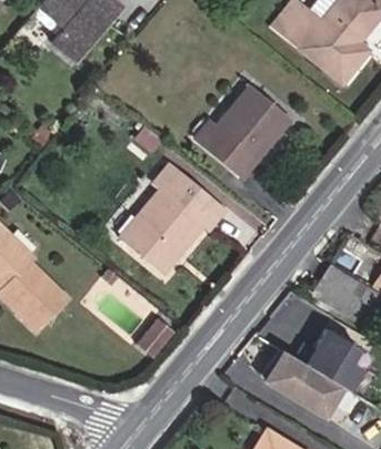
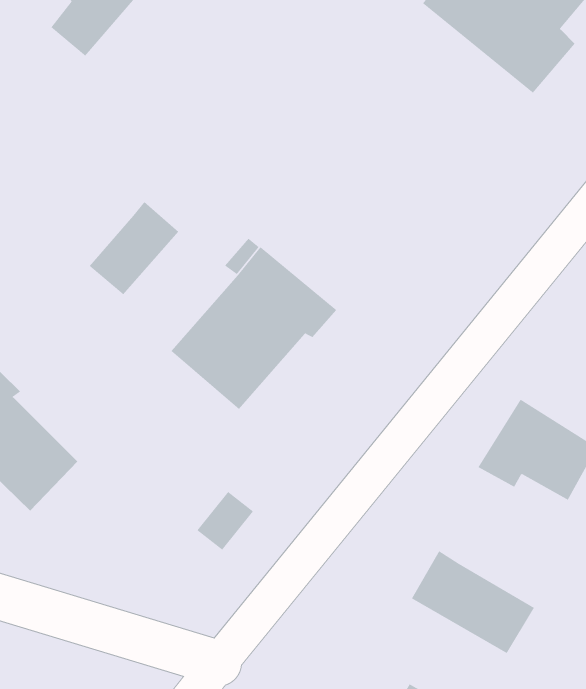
building: [195,85,292,177] -> none
building: none -> [89,201,179,295]
building: [297,330,361,391] -> none

